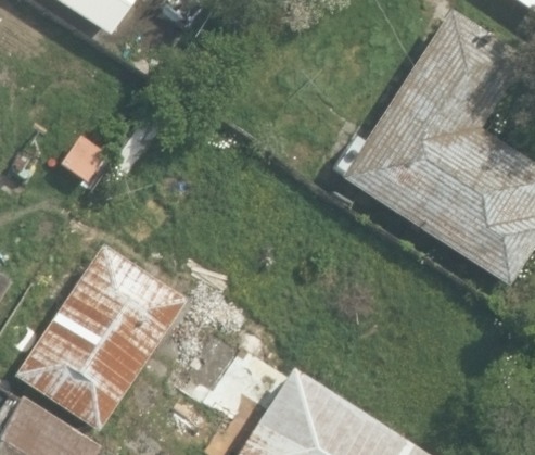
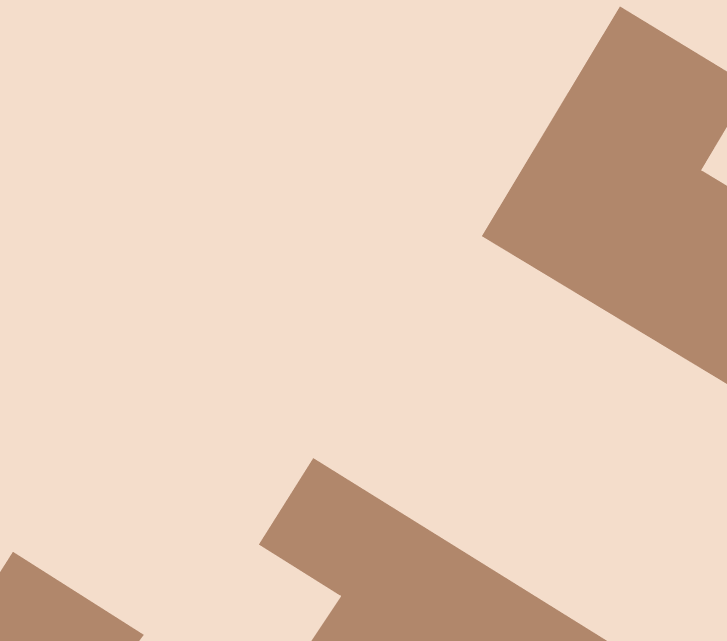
building: [17,240,188,428] -> none

